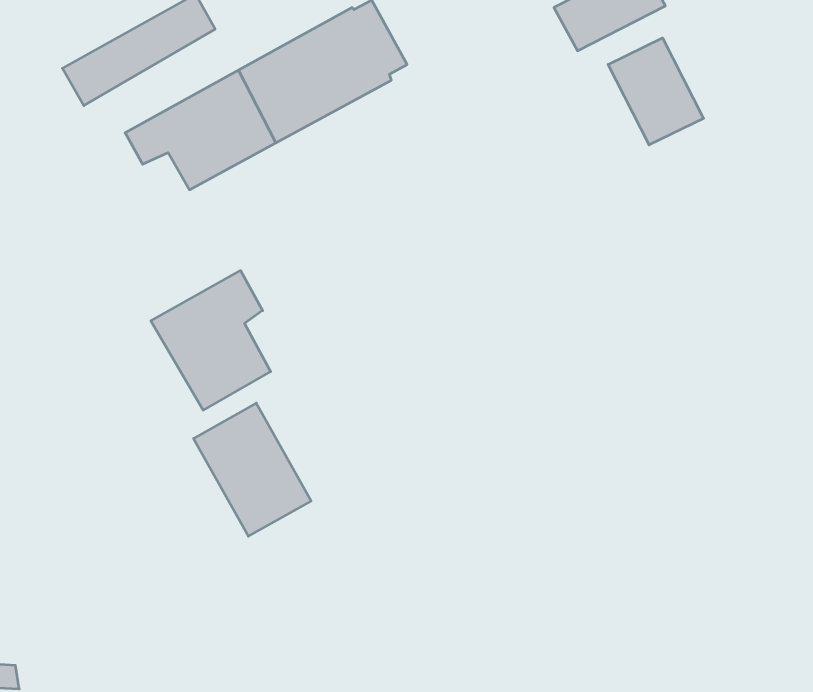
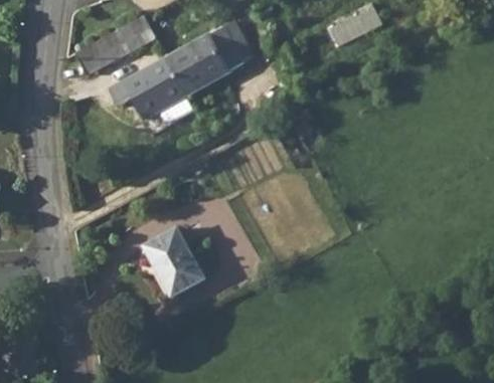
building: [608,38,704,145] -> none
building: [151,271,271,410] -> none

